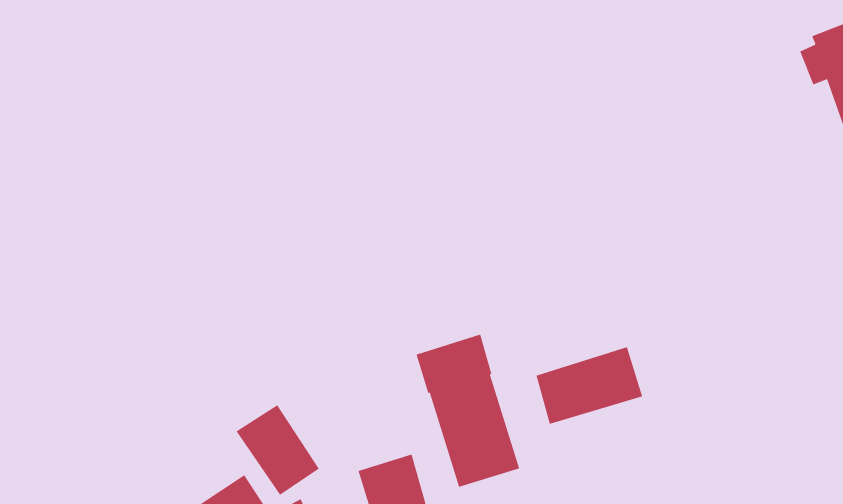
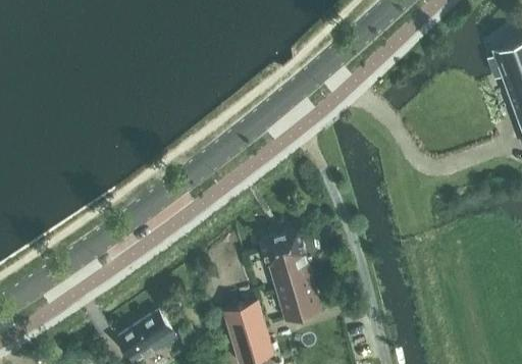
building: [535,346,643,425] -> none
building: [236,404,320,496] -> none

